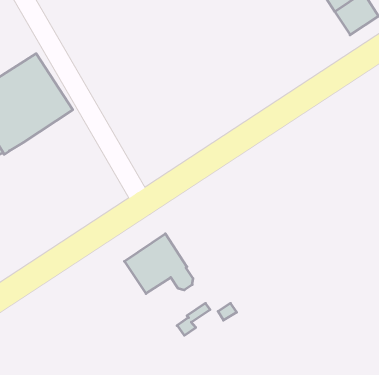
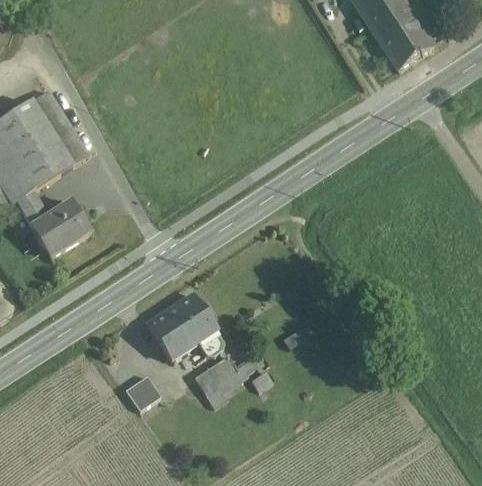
building: none -> [17,190,89,255]
building: none -> [193,353,237,395]
building: none -> [124,374,160,409]

